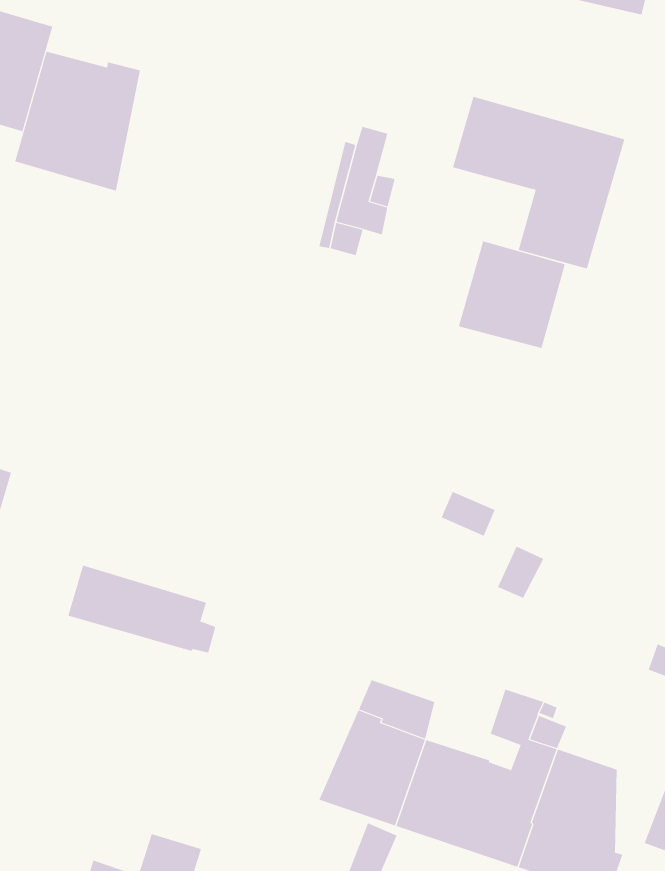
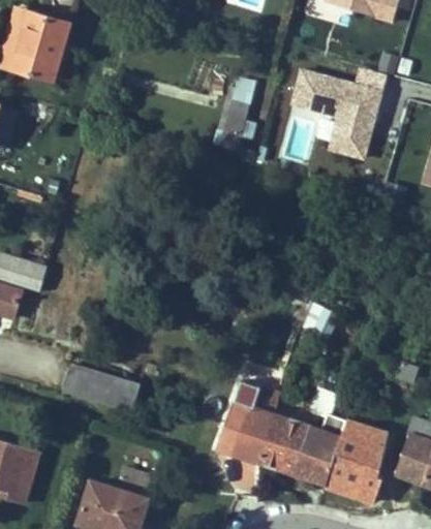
building: [15,51,140,191] -> none
building: [458,240,566,349] -> none
building: [68,565,216,653] -> [63,364,145,412]

